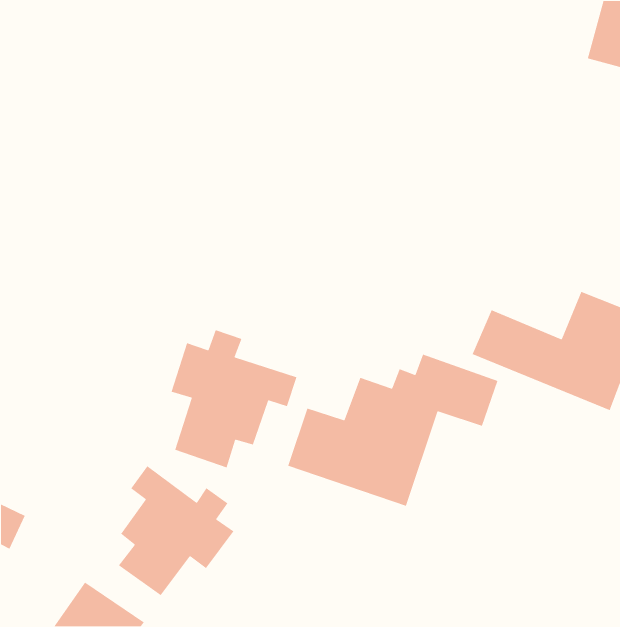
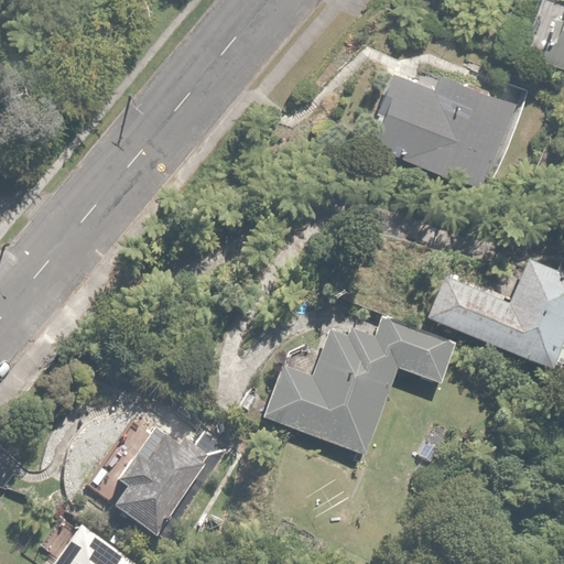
building: none -> [375,52,522,186]
building: [170,329,298,468] -> none

